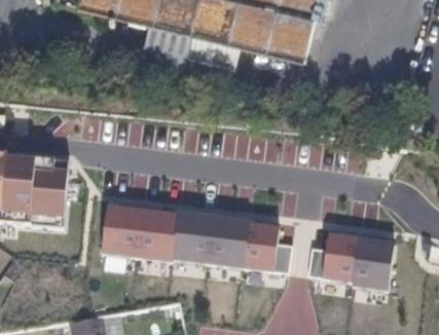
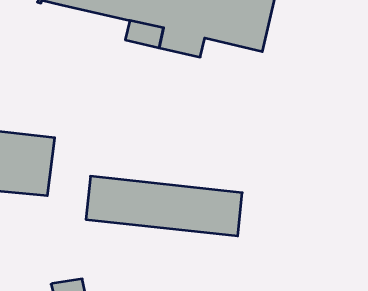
building: [325,234,395,285] -> none

